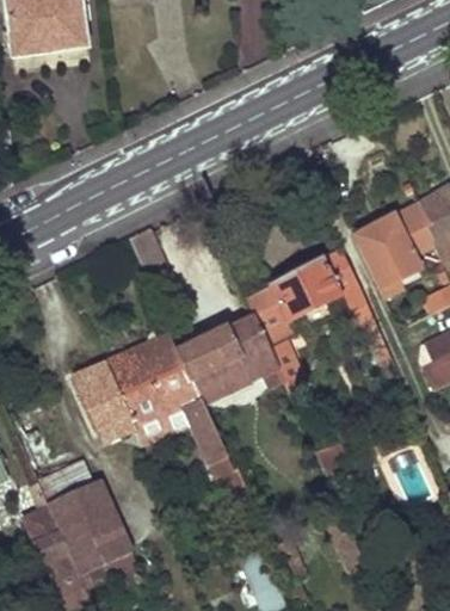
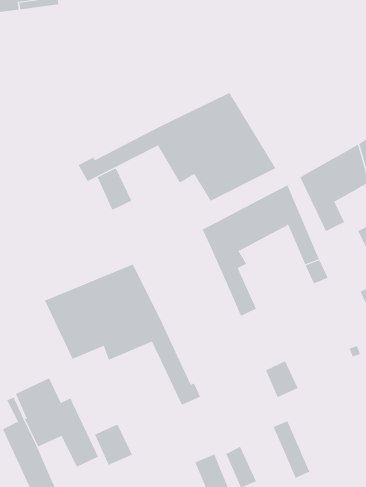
building: none -> [78,92,276,202]
building: [178,314,283,401] -> none
building: [63,526,106,573] -> [94,424,133,466]

